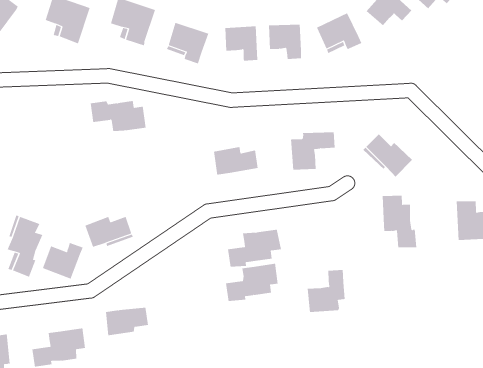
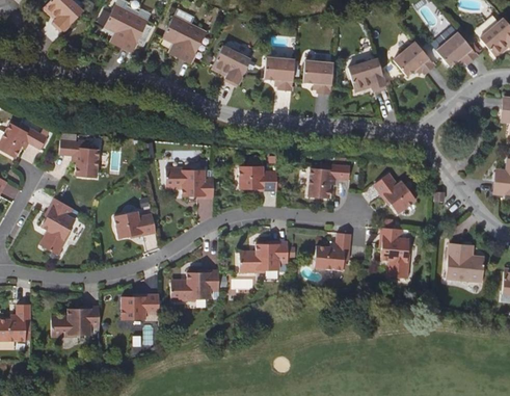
building: [90,101,147,131] -> [166,166,214,195]
building: none -> [59,133,100,178]
building: [42,242,83,279] -> none
building: [225,263,279,301] -> [170,272,218,301]
building: [307,269,345,313] -> [315,233,351,270]

